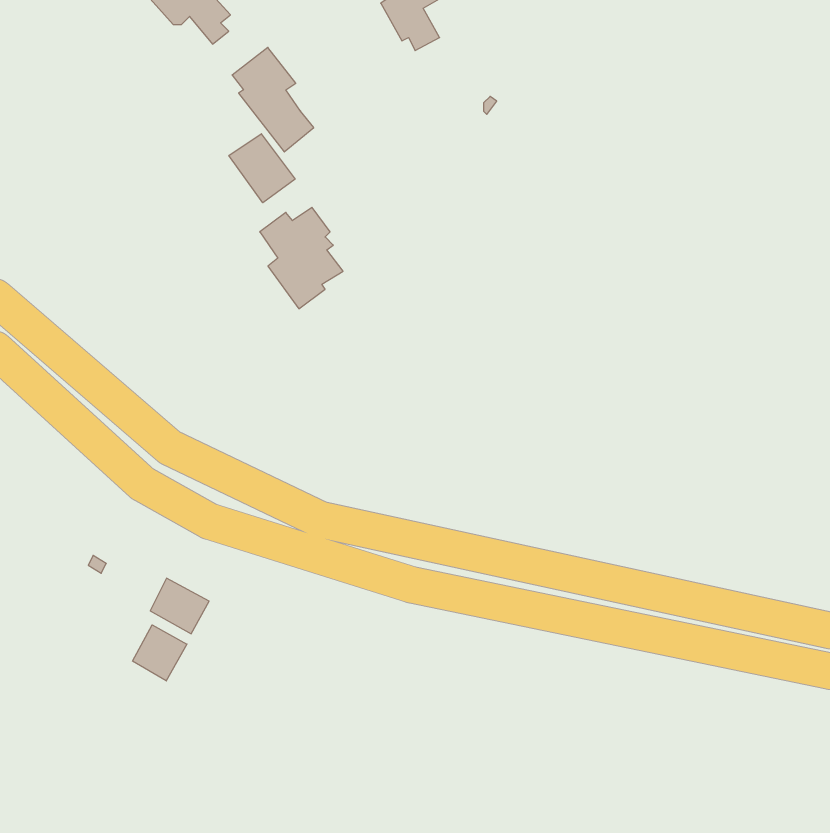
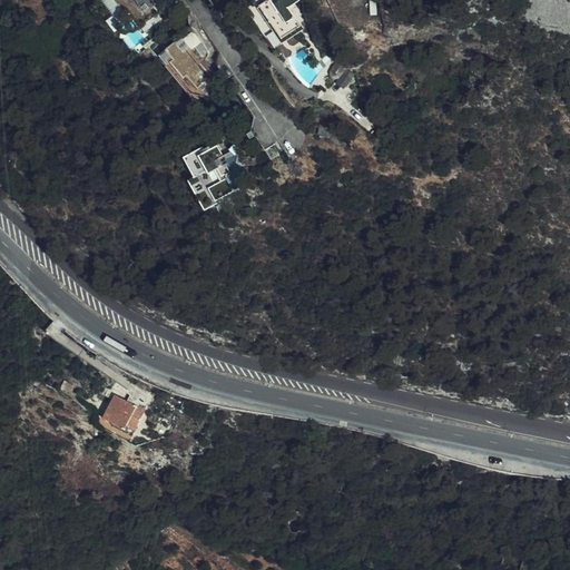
building: [229,134,295,203] -> none
building: [133,625,187,681] -> none

